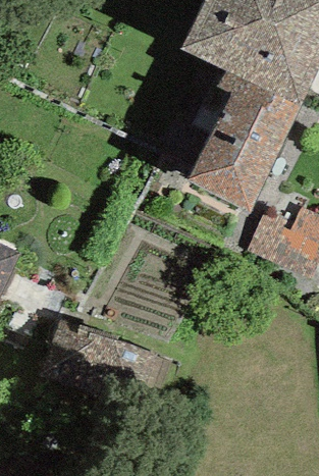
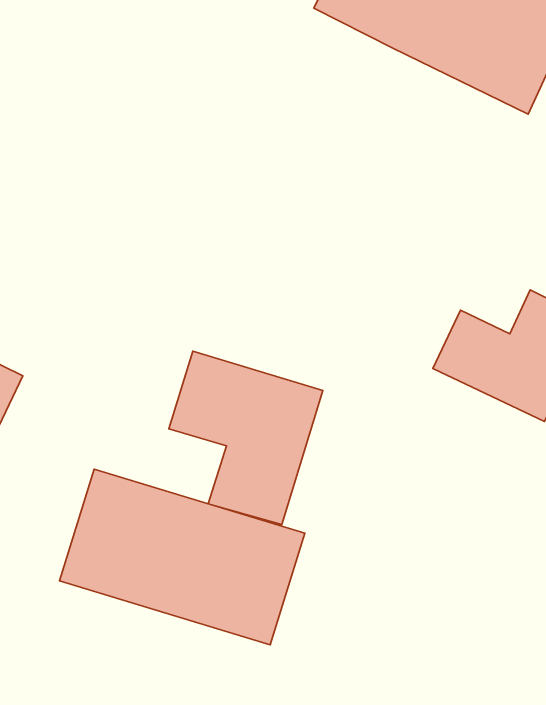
building: [187,70,300,213] -> none
building: none -> [169,351,323,524]

